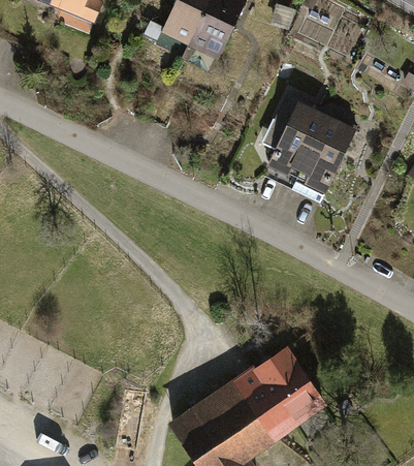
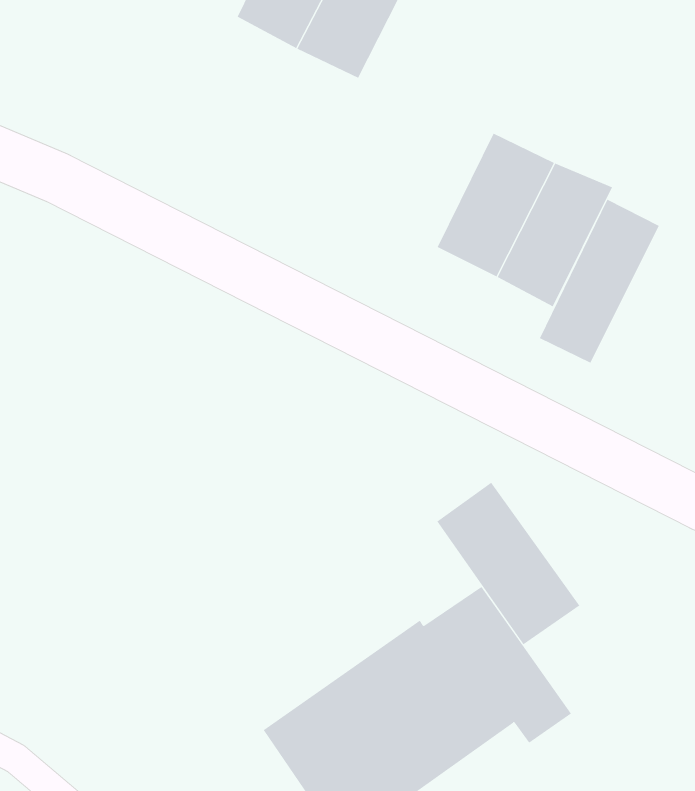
building: none -> [539,199,660,364]
building: none -> [436,482,580,645]

